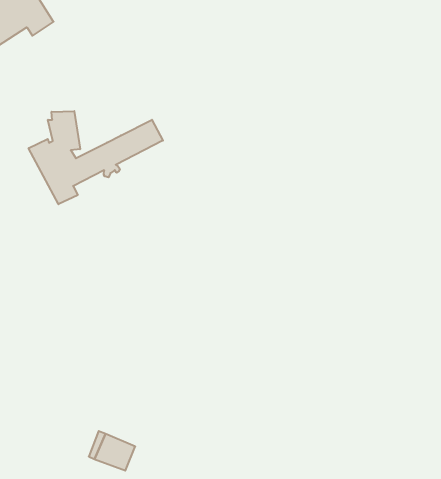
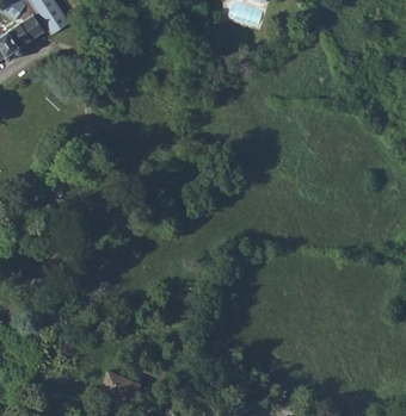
building: [29,111,163,204] -> none

